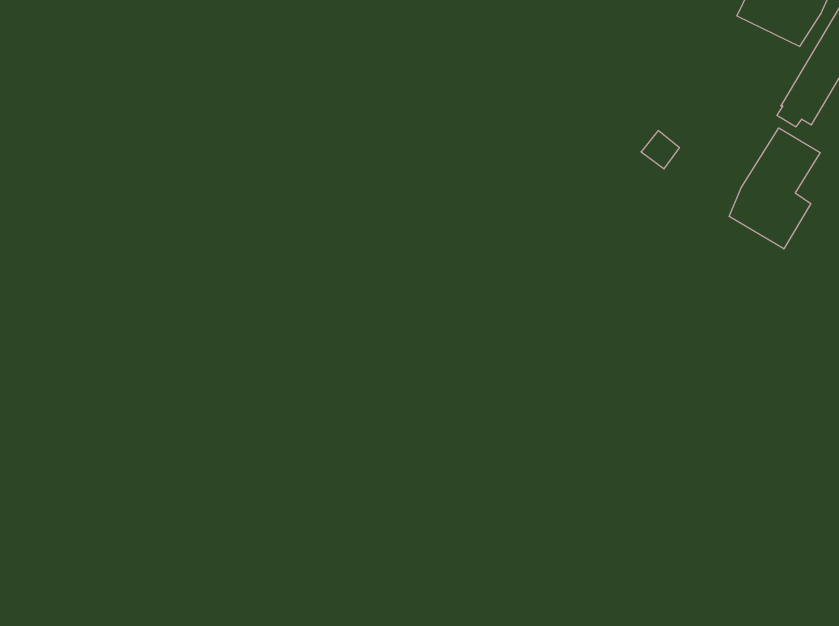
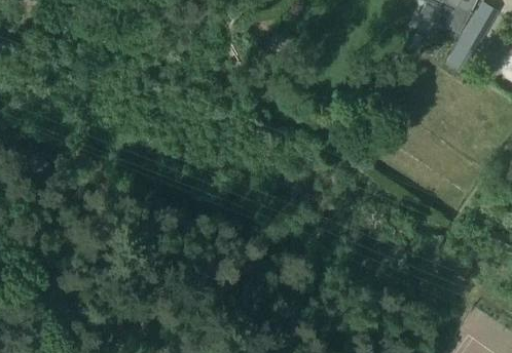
building: [729,128,820,249] -> none

